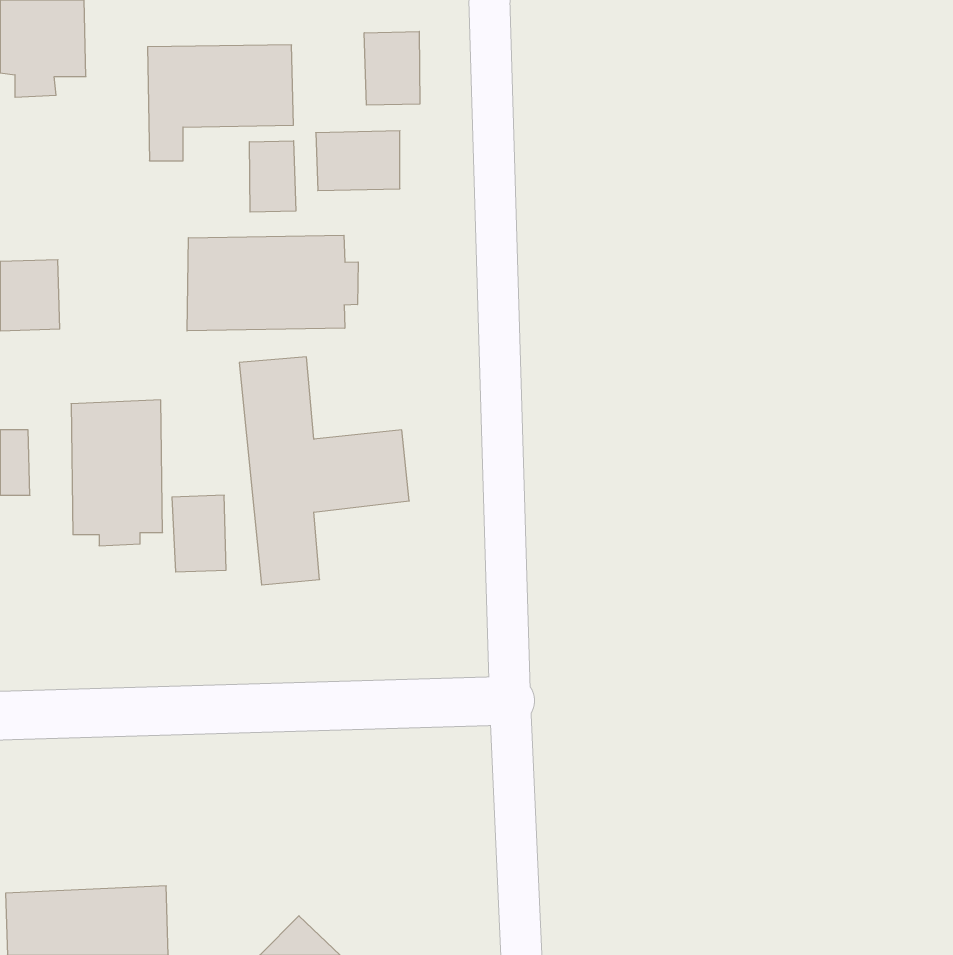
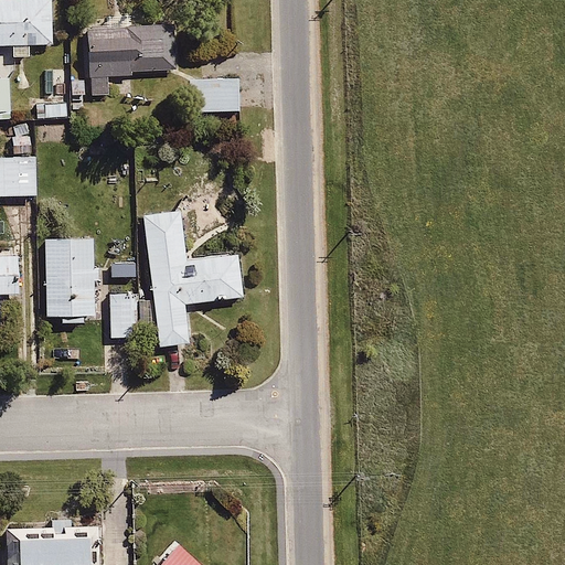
building: [364,31,420,105] -> none
building: [249,141,296,212] -> none
building: [187,235,358,331] -> none

